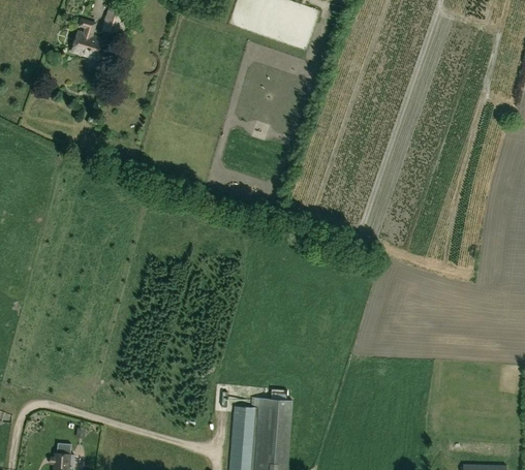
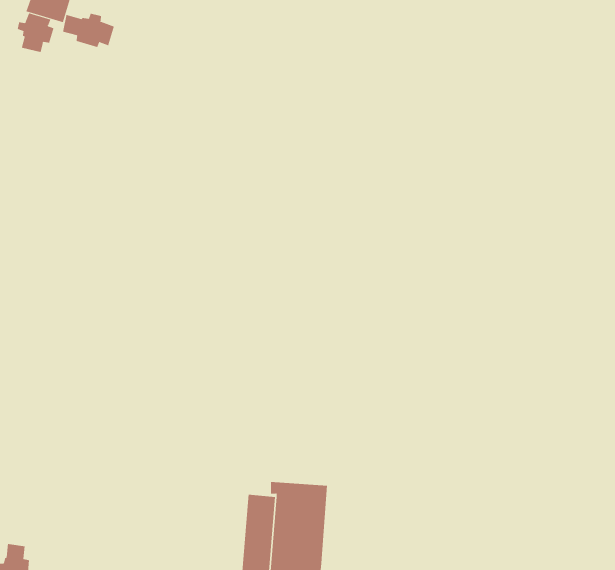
building: none -> [17,13,54,53]
building: none -> [63,13,115,48]

